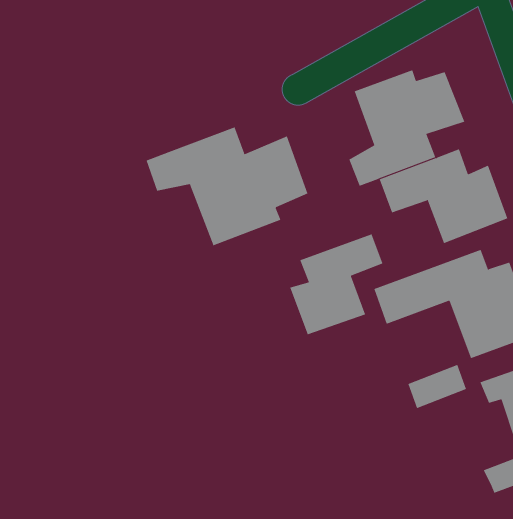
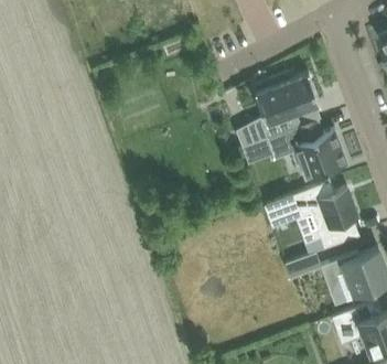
building: [146,126,308,246] -> none
building: [289,233,383,335] -> none

